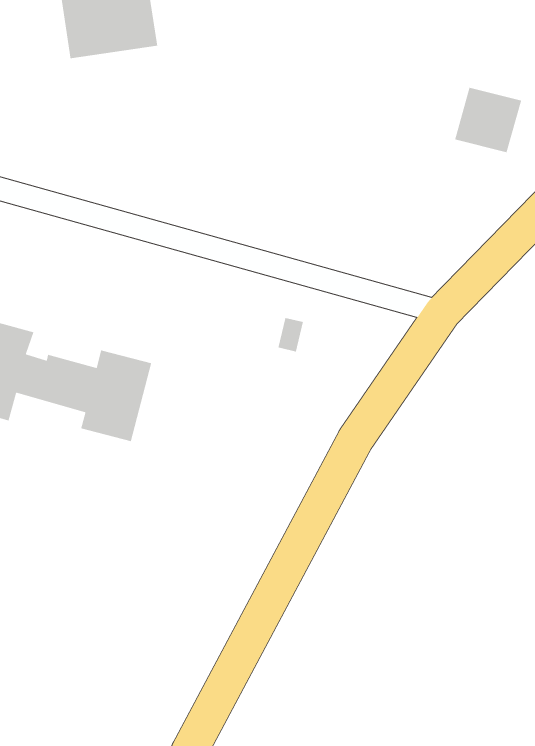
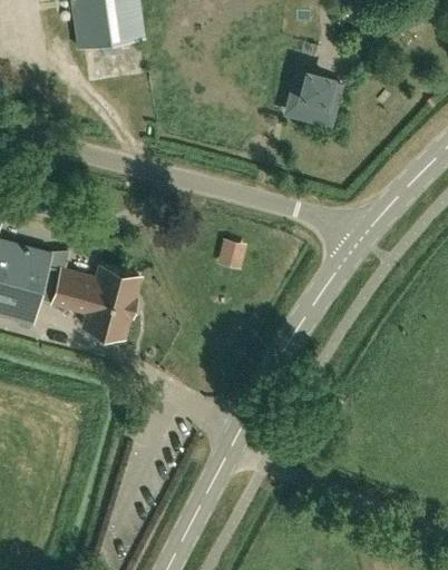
building: [454,87,522,153] -> [289,72,340,122]

